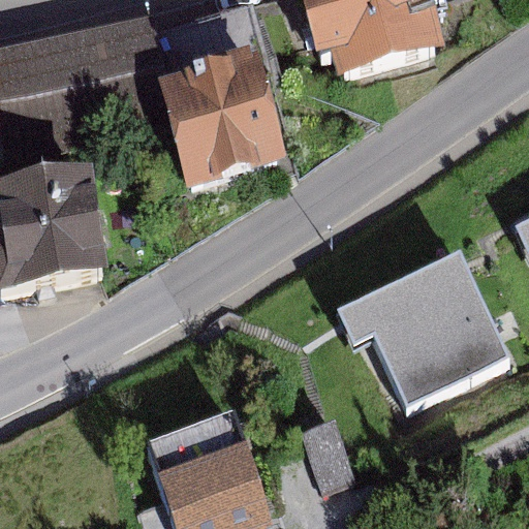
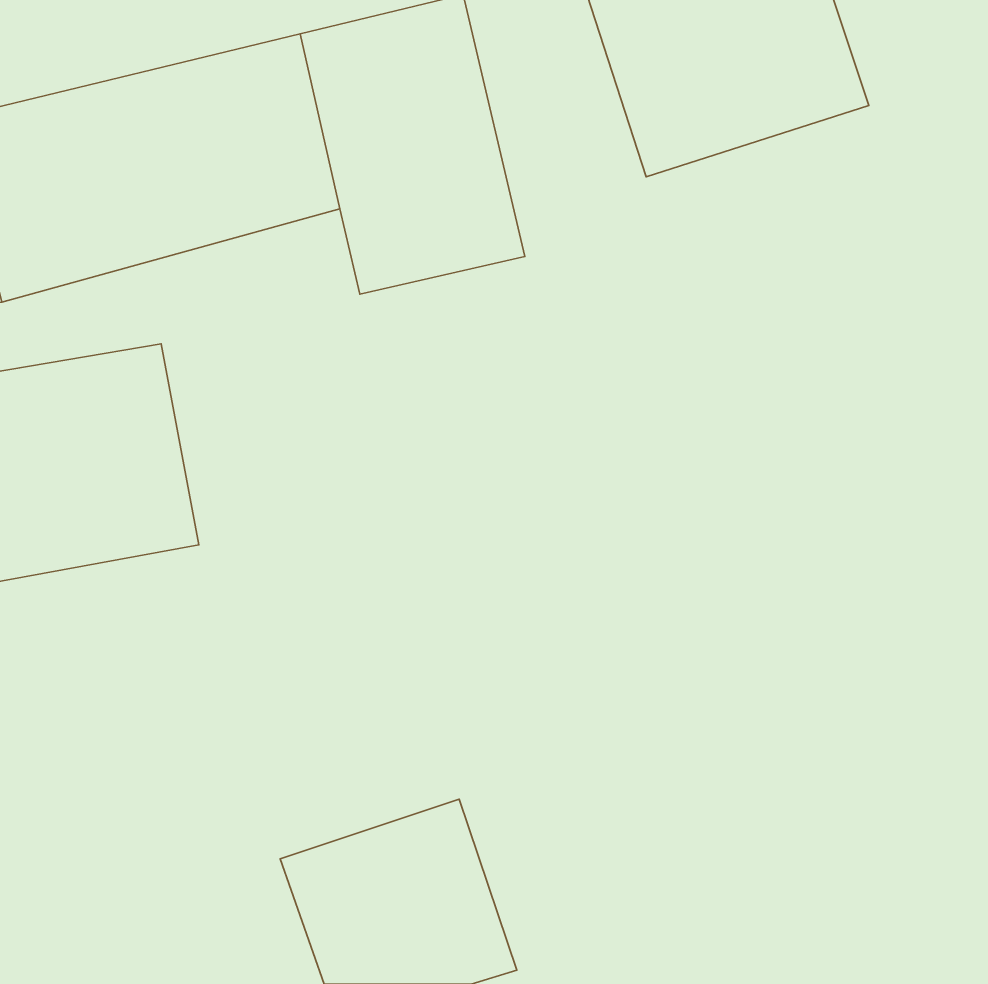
building: [340,257,508,424] -> none

